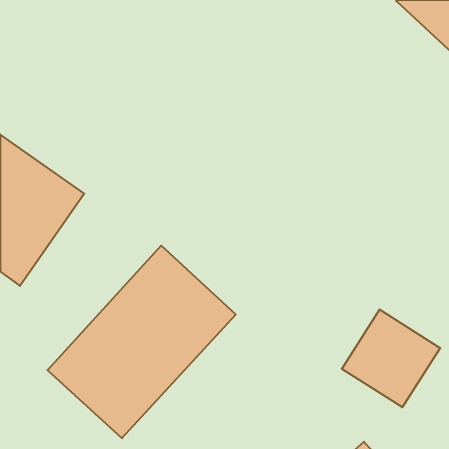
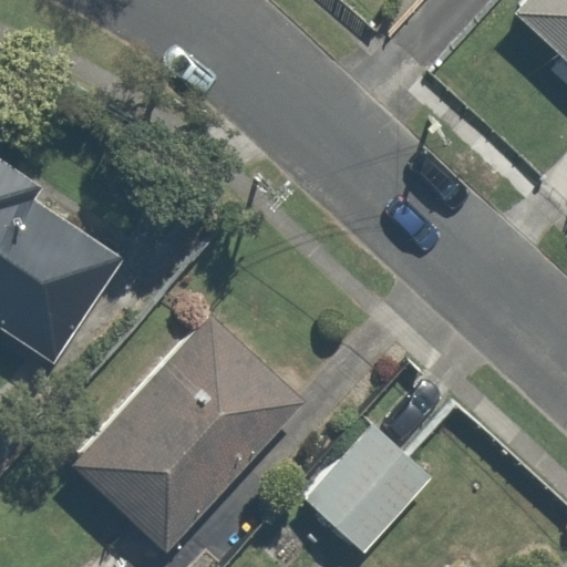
building: [342,310,440,407] -> [310,429,432,549]

